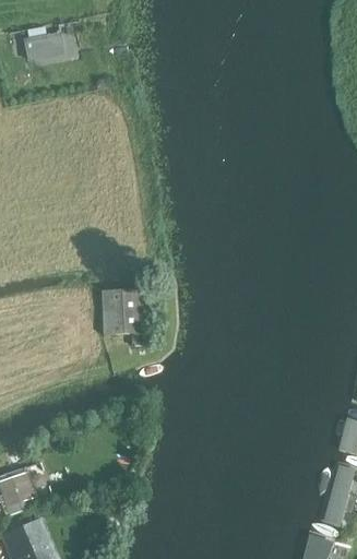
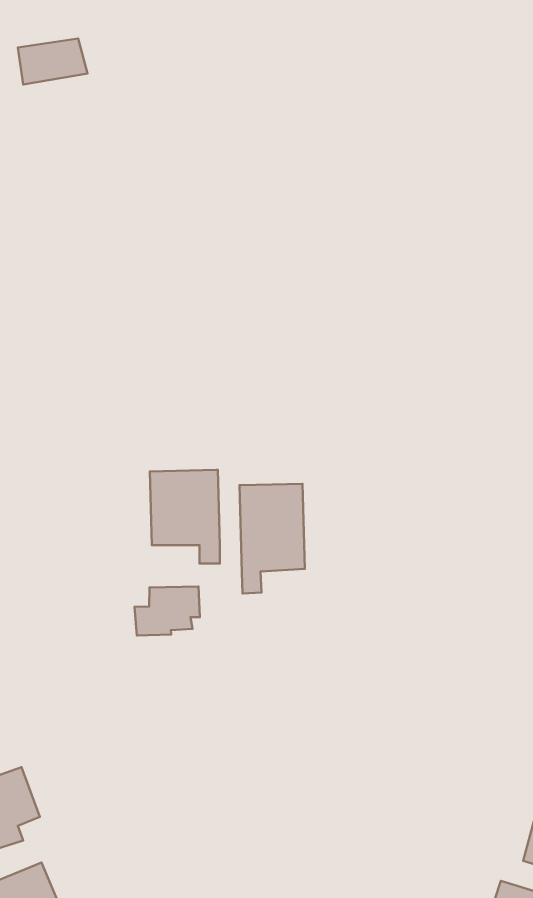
building: none -> [240,484,305,594]
building: none -> [135,586,200,635]

